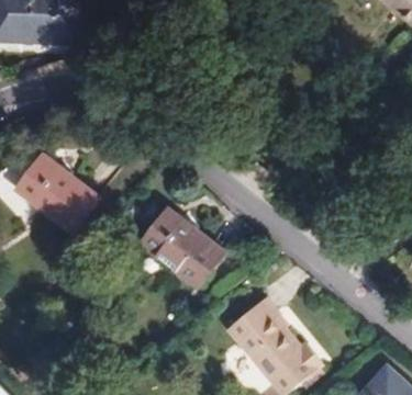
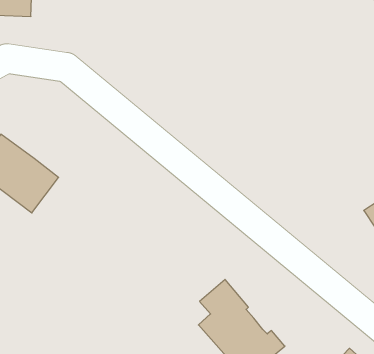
building: [140,207,225,287] -> none

